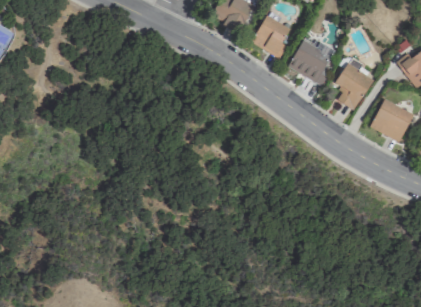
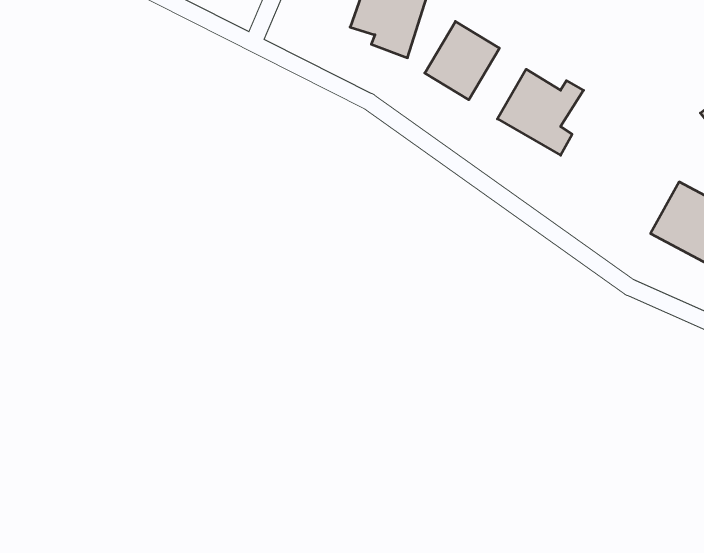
building: [336,62,374,109] -> none

